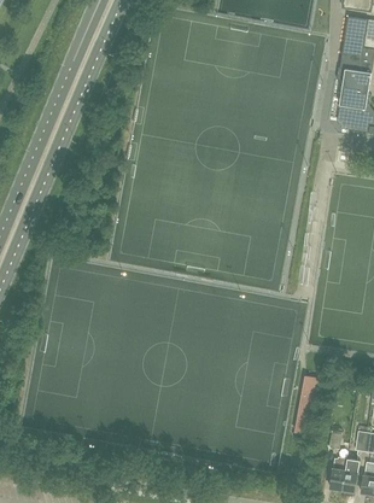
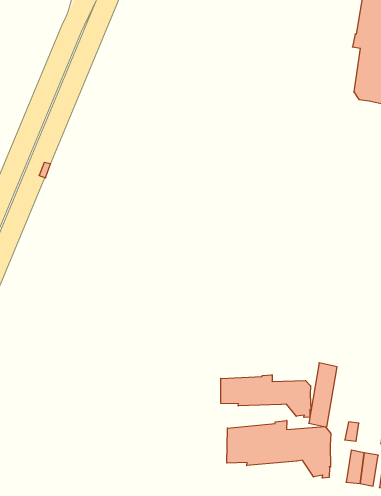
building: none -> [221,375,311,417]
building: none -> [227,420,331,478]

